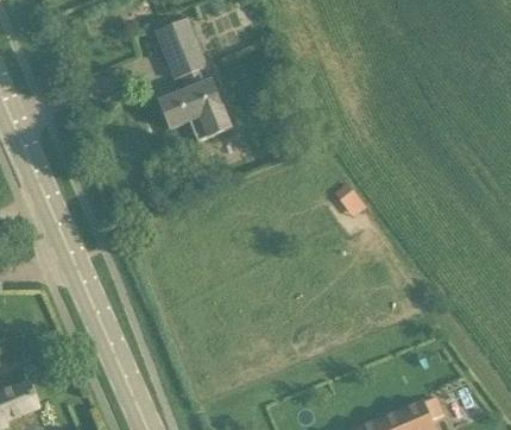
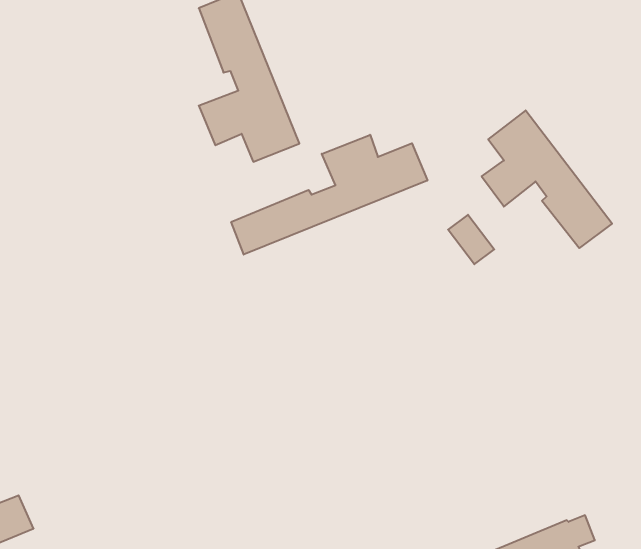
building: none -> [482,110,612,248]
building: none -> [231,135,427,255]

